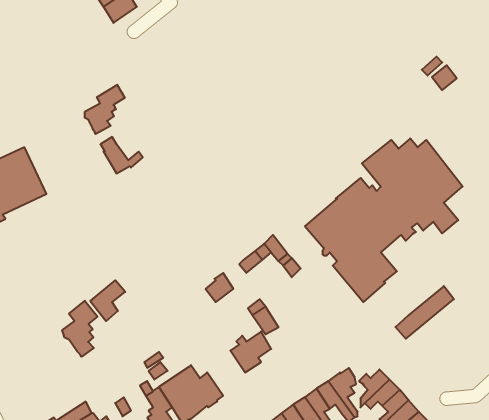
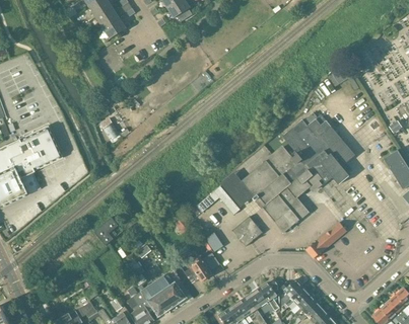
building: [85,85,125,134] -> none
building: none -> [220,170,256,207]
building: none -> [232,219,263,248]
building: [62,301,97,357] -> none

